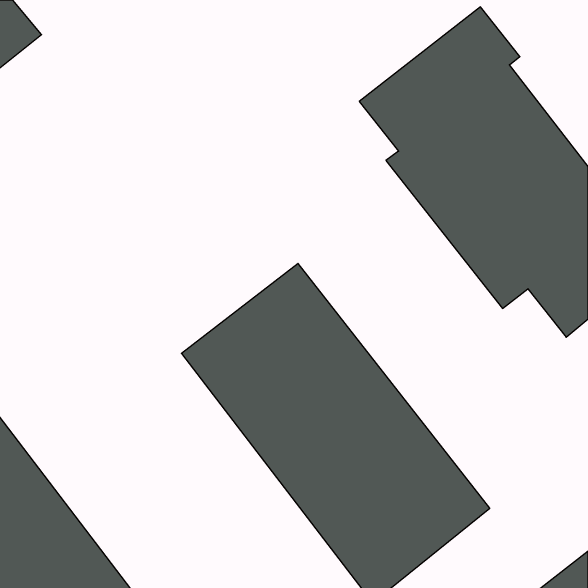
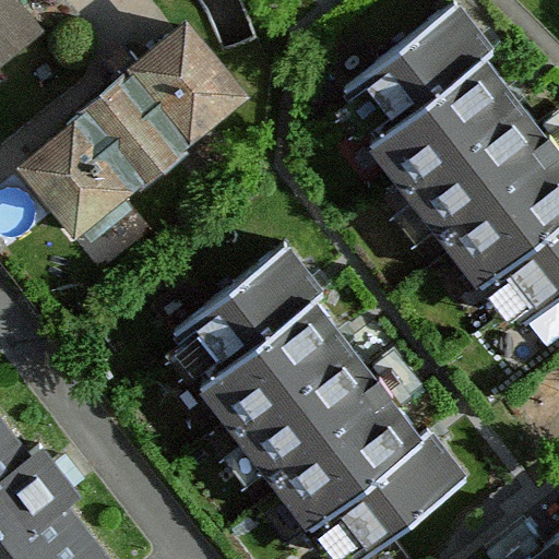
building: none -> [16,26,247,242]

